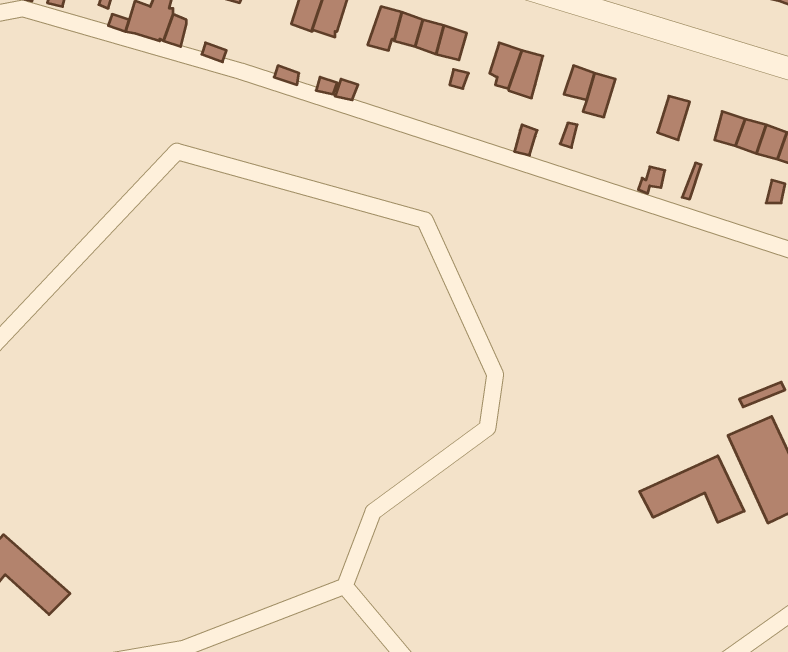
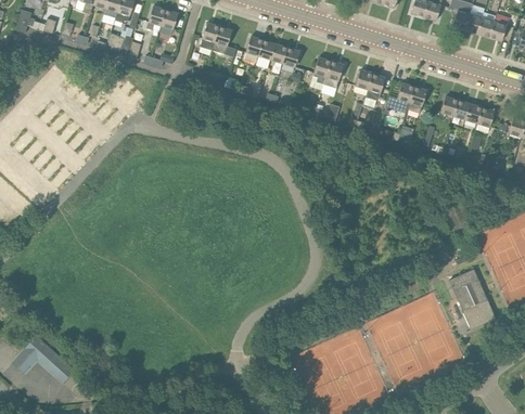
building: none -> [386,82,415,113]
building: [640,456,744,522] -> none

